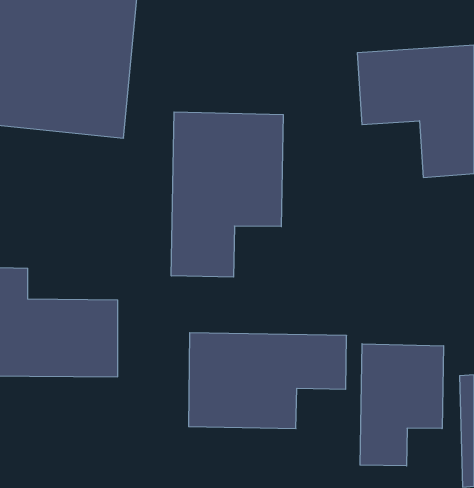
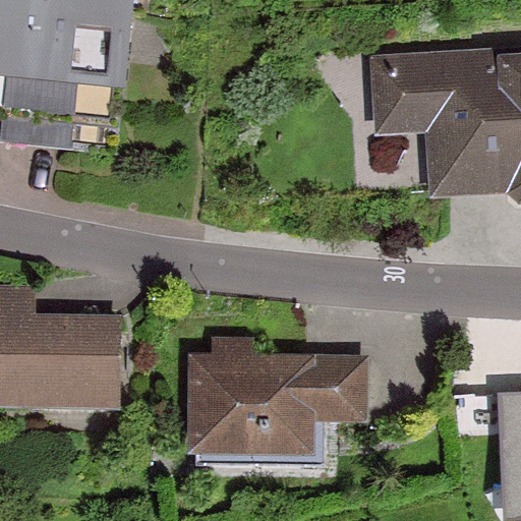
building: [171,112,283,277] -> none
building: [360,344,444,466] -> none

